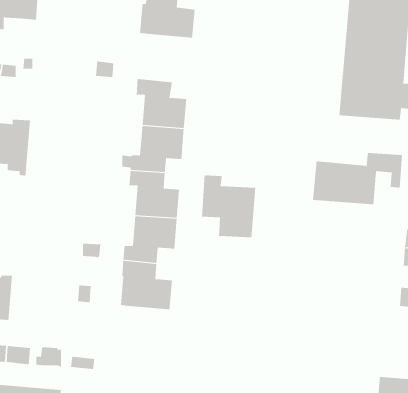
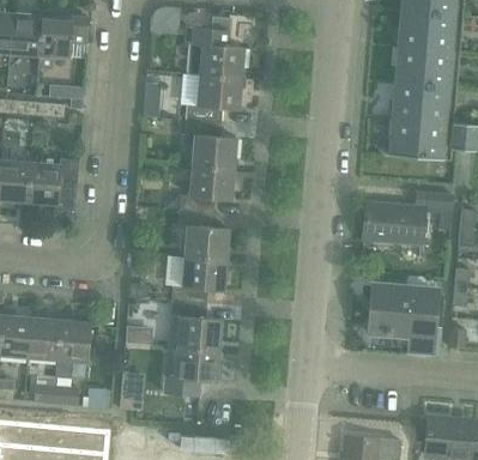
building: none -> [184,74,241,122]
building: [201,175,256,238] -> none
building: none -> [371,288,434,351]
building: none -> [55,316,89,380]
building: none -> [163,347,218,395]

